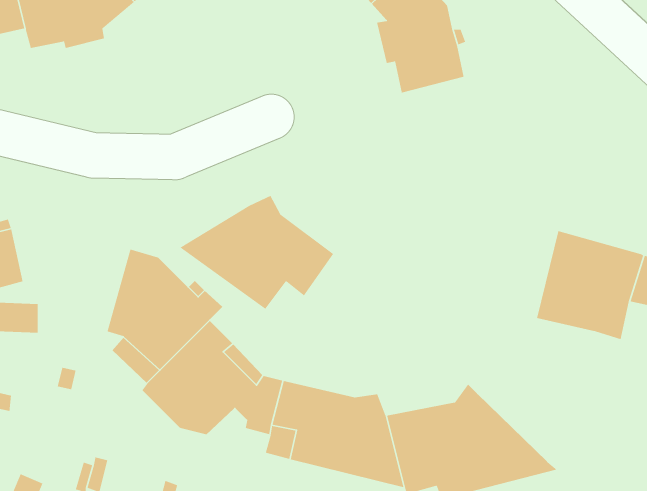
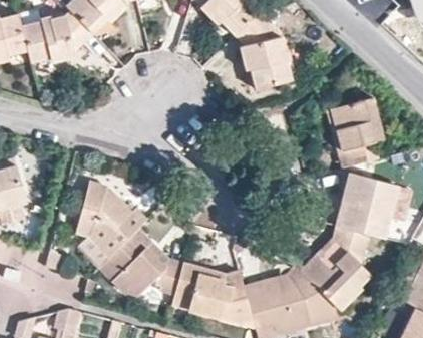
building: none -> [326,98,385,168]
building: [179,195,334,310] -> none
building: none -> [300,226,370,312]

